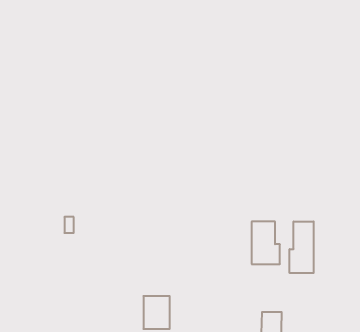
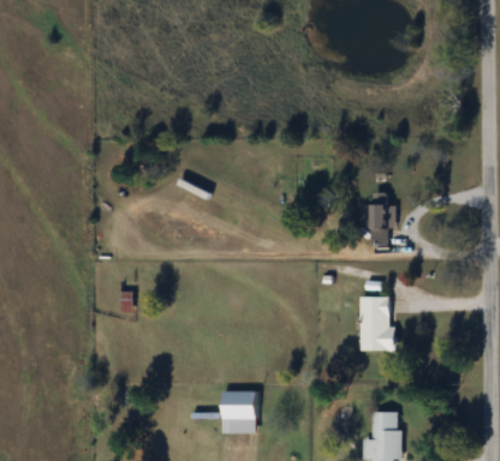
building: none -> [369,192,395,246]
building: [290,221,314,273] -> none

